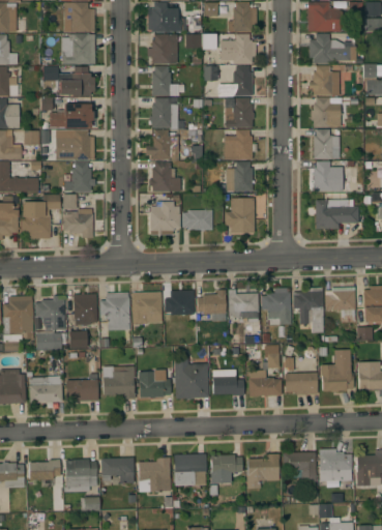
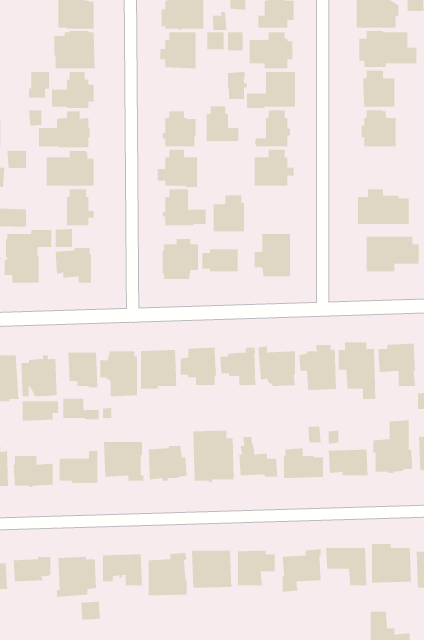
building: [151,66,178,95] -> [206,106,239,142]
building: [313,129,339,159] -> none
building: [226,161,252,192] -> [213,195,245,232]

